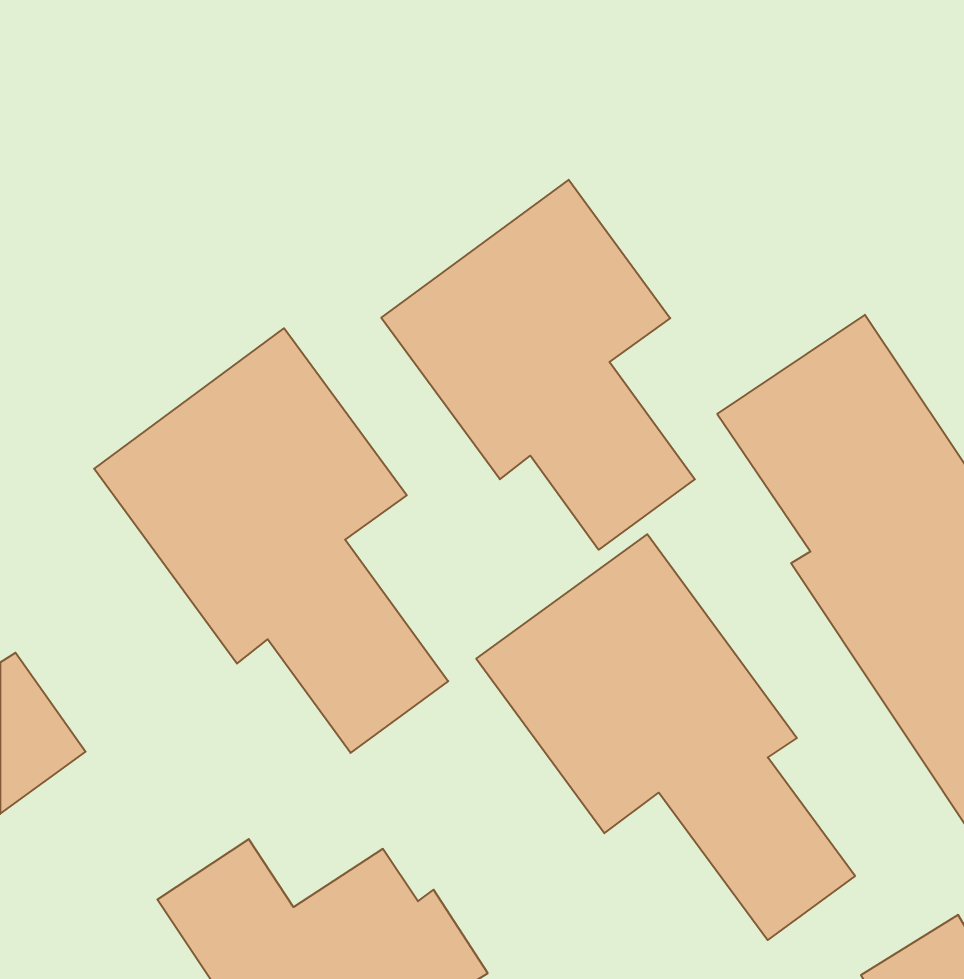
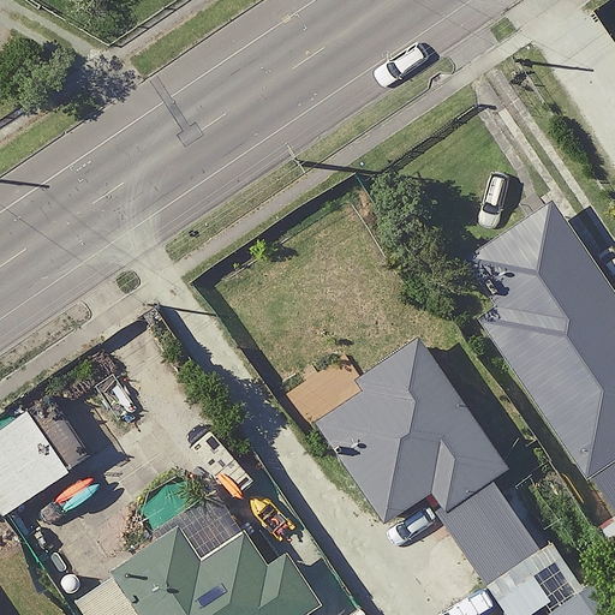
building: [381,180,695,550] -> none
building: [94,328,448,753] -> none

